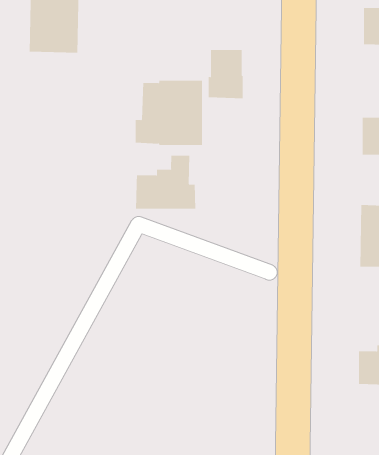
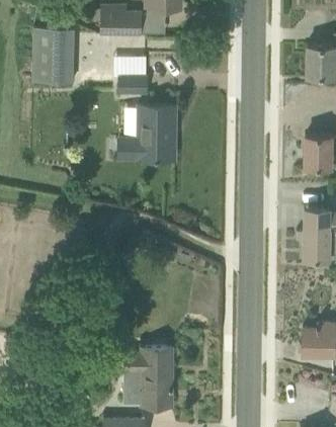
building: [208,50,244,99] -> [118,55,148,95]
building: [136,155,196,210] -> none
building: none -> [125,348,172,407]

